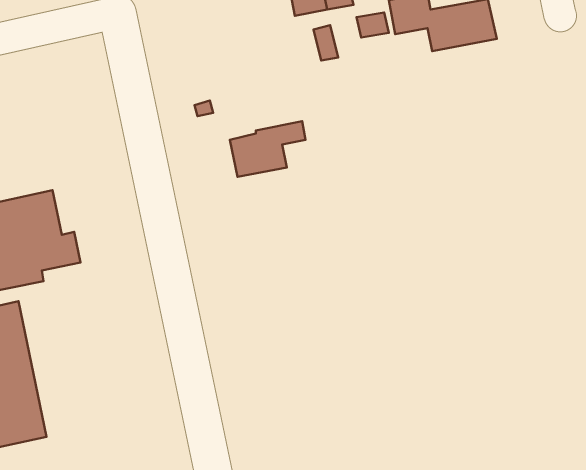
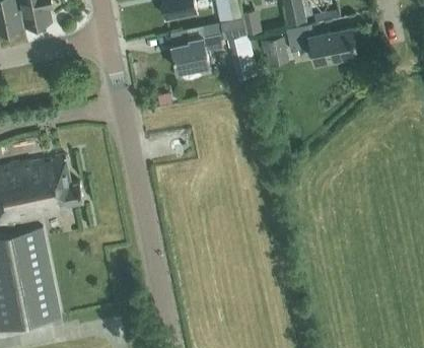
building: [230,121,305,177] -> [171,36,221,72]

